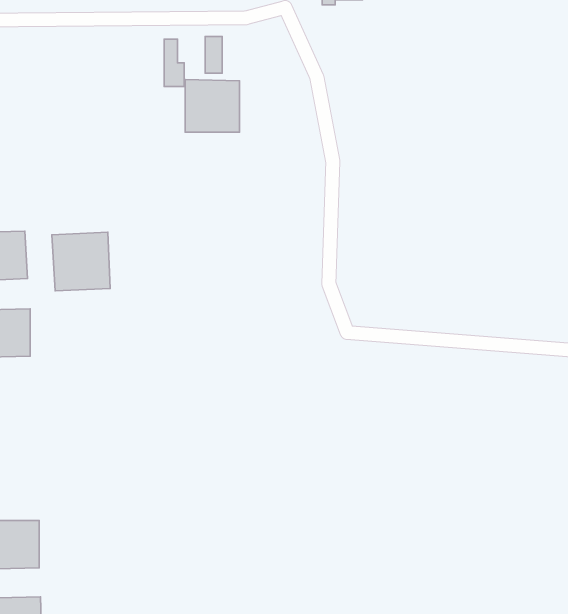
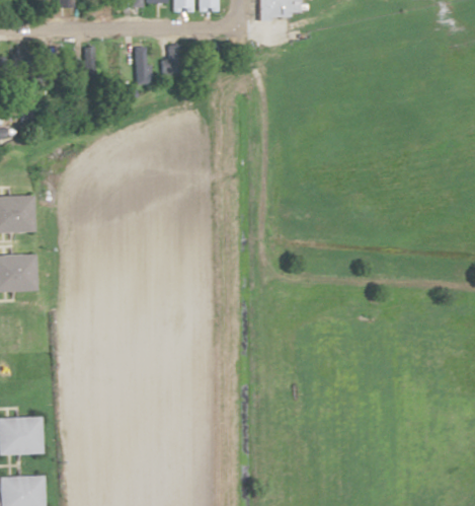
building: [185,80,240,132] -> none
building: [52,232,110,291] -> none

